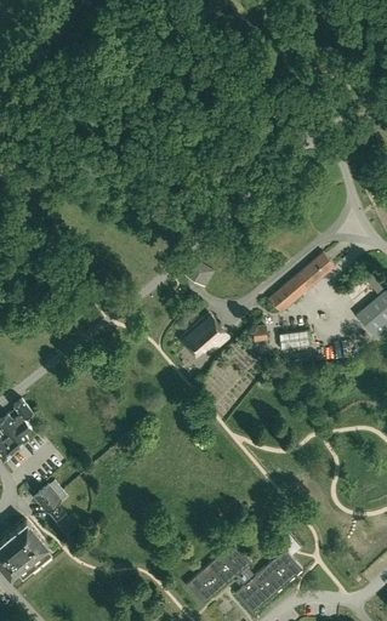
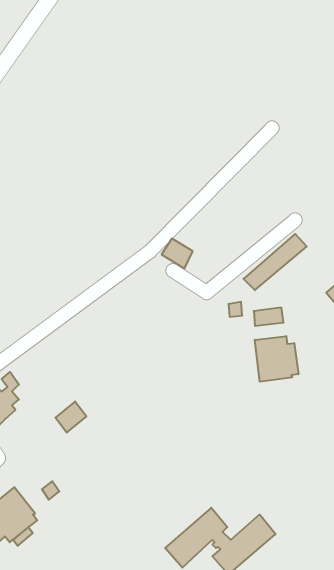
building: [180,314,231,358] -> none
building: none -> [255,336,298,382]
building: [34,480,67,513] -> [55,401,86,433]

